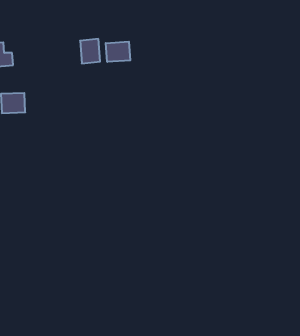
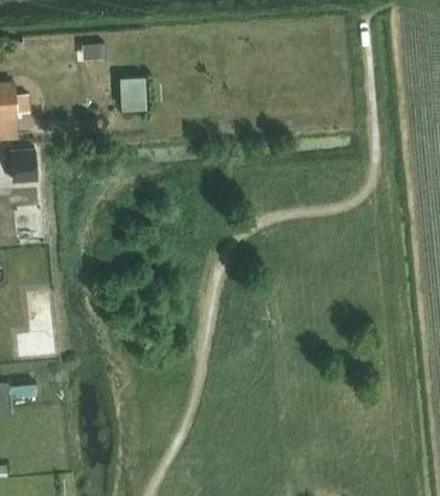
building: [106,42,130,62] -> none

